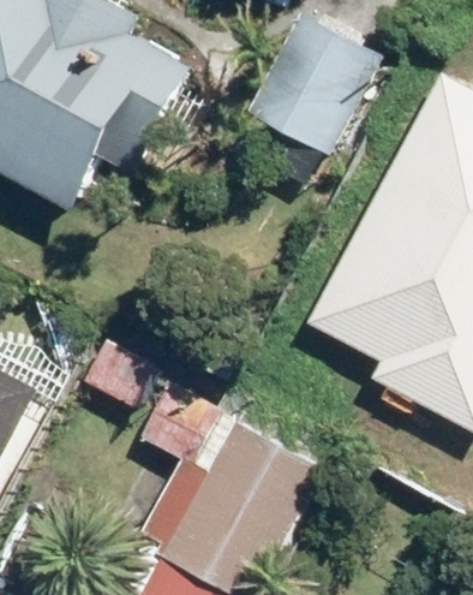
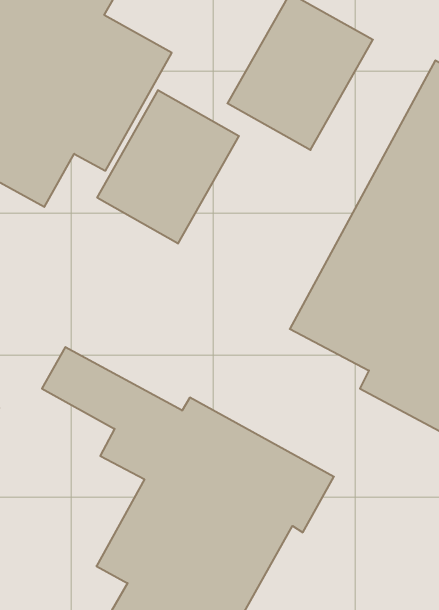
building: none -> [97,90,239,244]

